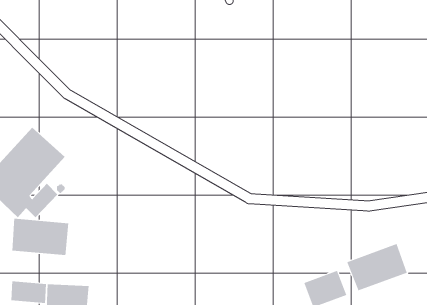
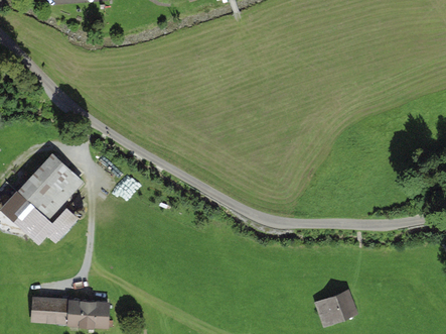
building: [12,218,69,256] -> none
building: [346,243,407,291] -> none

